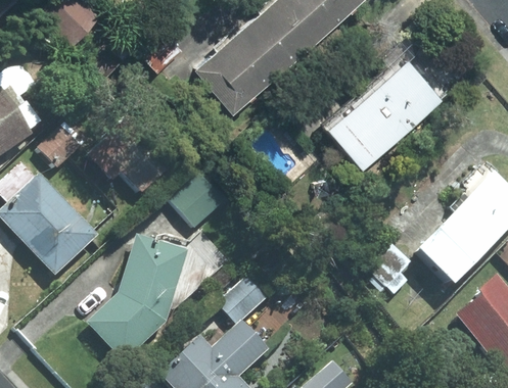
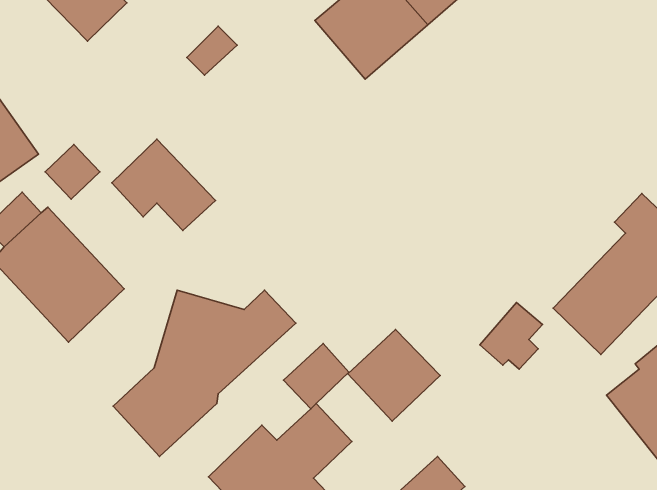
building: [195,33,278,114] -> none
building: [324,43,443,171] -> none
building: [170,172,226,228] -> none
building: none -> [348,329,440,421]

